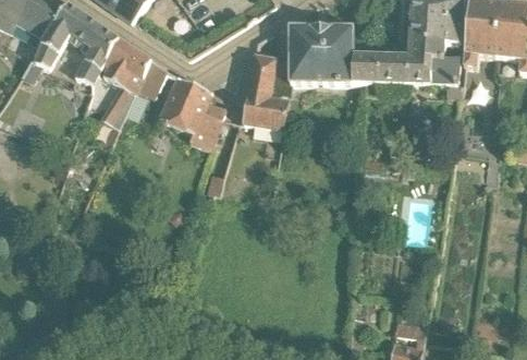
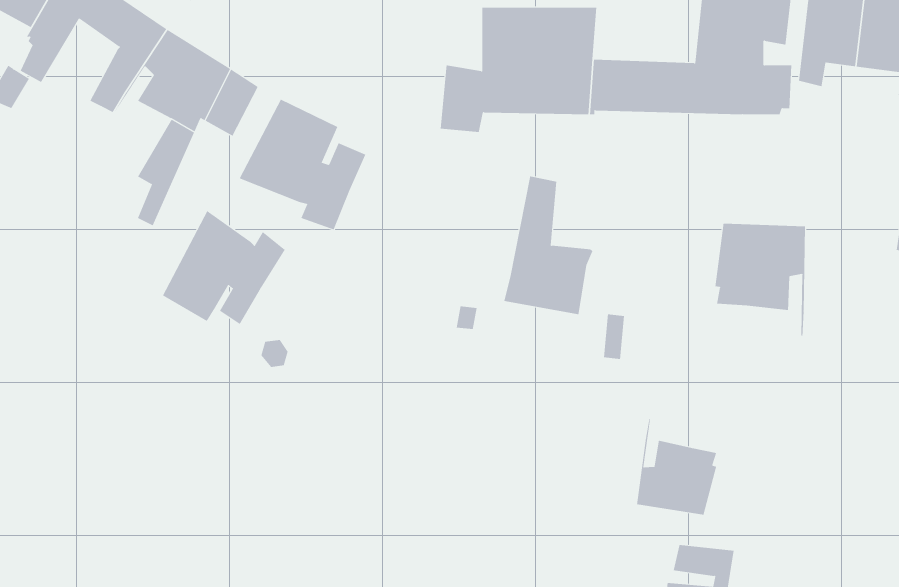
building: [241,52,290,129] -> [504,176,593,315]
building: none -> [162,210,286,325]
building: none -> [715,223,805,337]
building: none -> [637,418,717,516]

